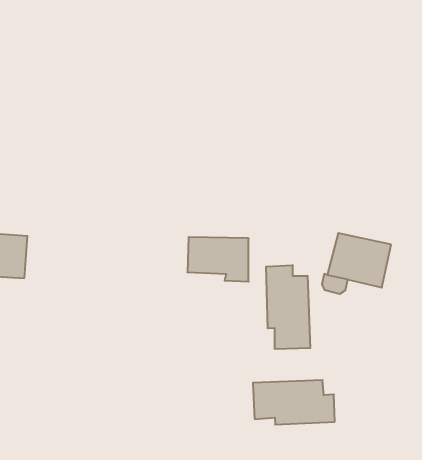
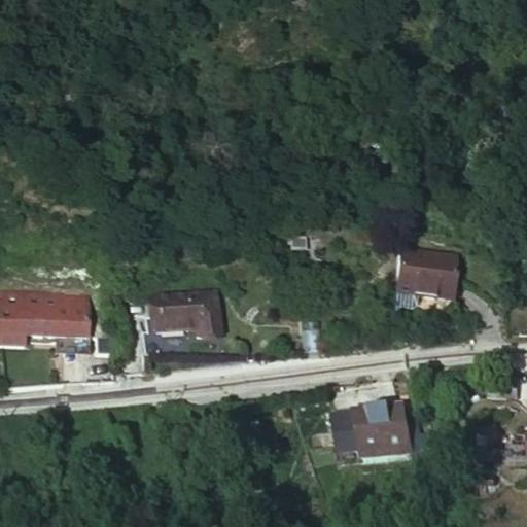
building: [187,237,249,282] -> [154,289,221,336]
building: [266,265,310,349] -> none

